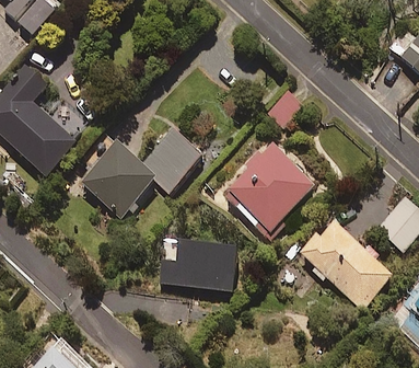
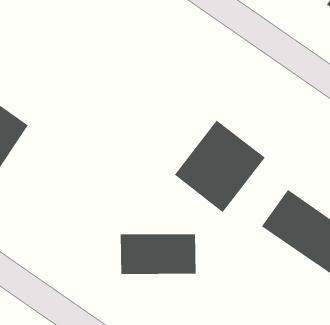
building: [80,129,201,217] -> none

